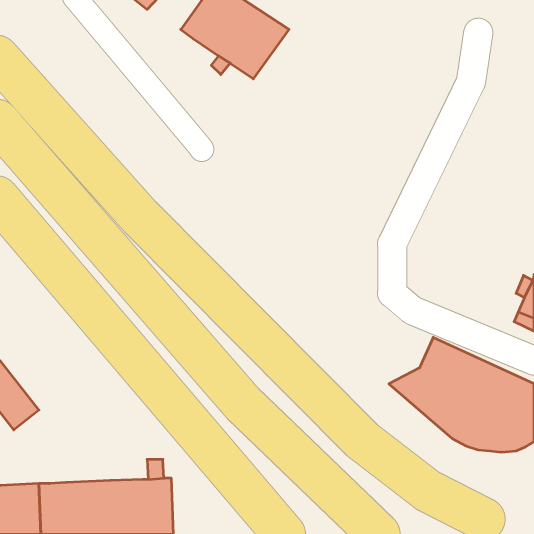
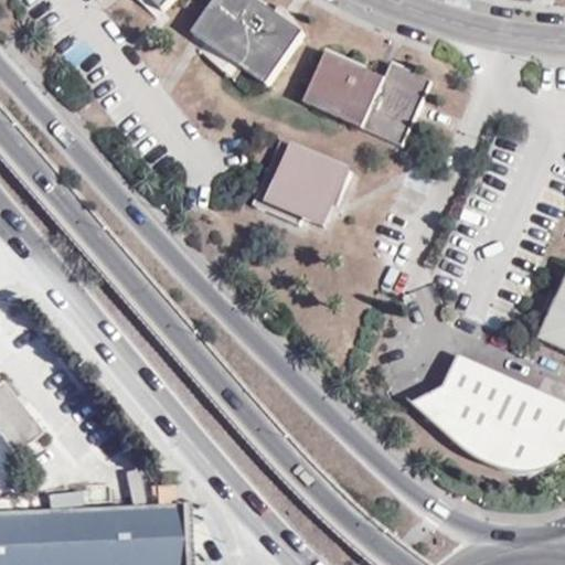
building: none -> [310,55,430,145]
building: none -> [255,139,353,224]

